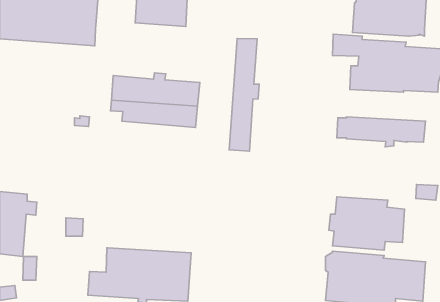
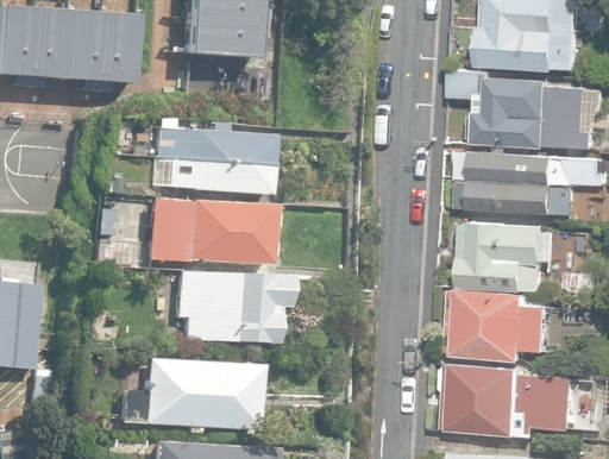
building: [229,39,259,151] -> none
building: none -> [459,145,591,187]
building: none -> [149,199,271,265]
building: none -> [460,221,554,291]
building: none -> [176,270,285,344]

